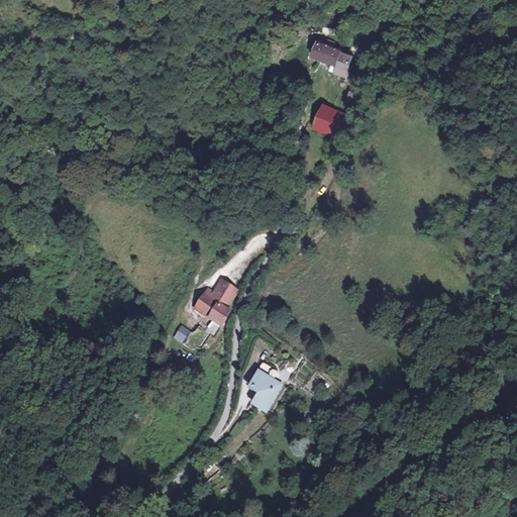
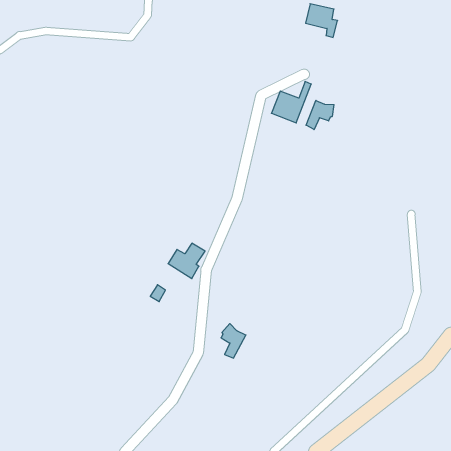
building: [314,42,350,81] -> [306,4,338,37]
building: none -> [306,100,334,130]

